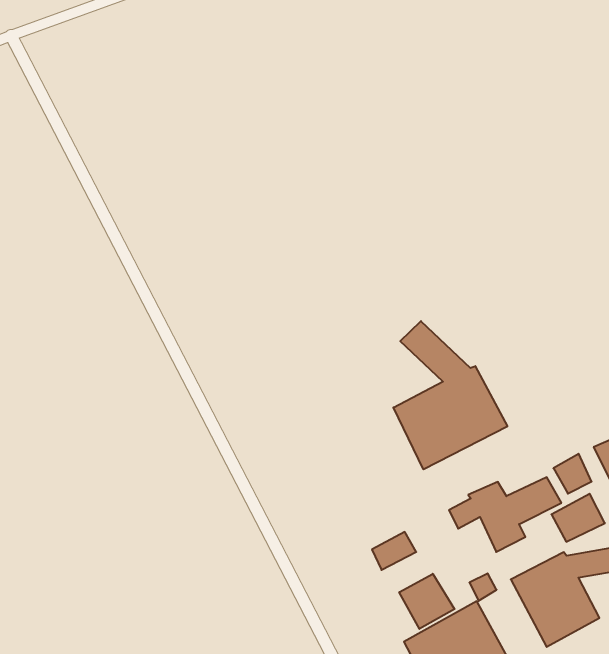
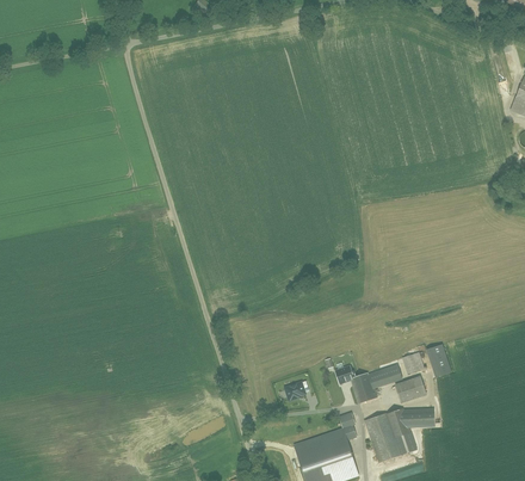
building: [393,321,507,469] -> none
building: [399,574,455,629] -> none

